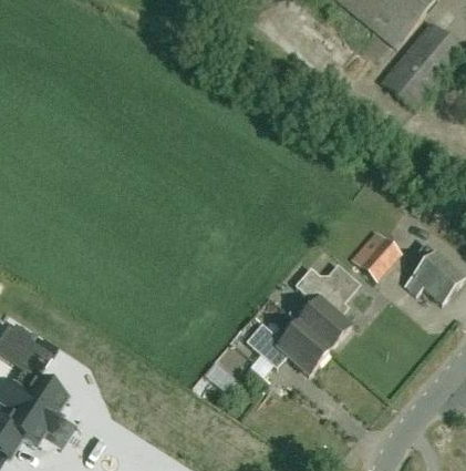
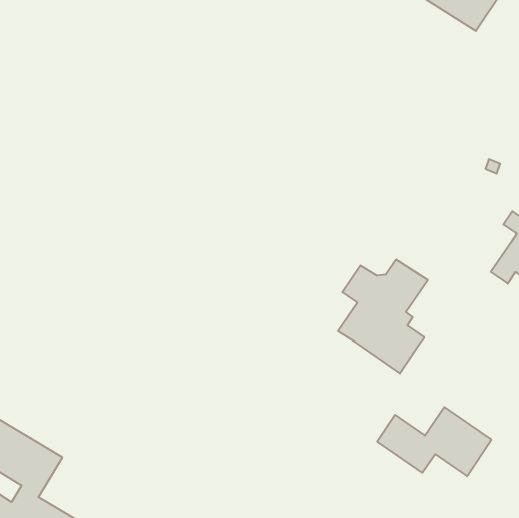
building: [351,229,400,278] -> none
building: [246,321,329,373] -> [377,407,491,476]

